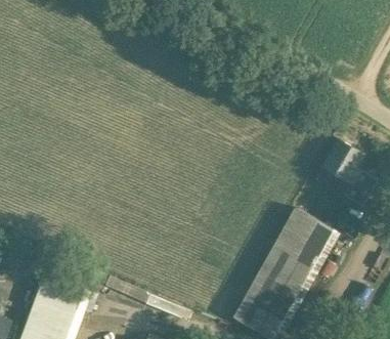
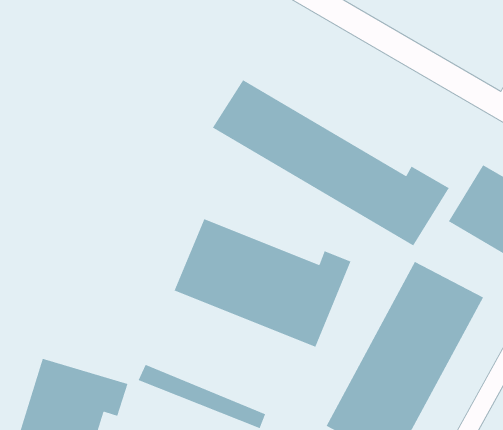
building: none -> [212,79,450,246]
building: none -> [173,218,352,348]

